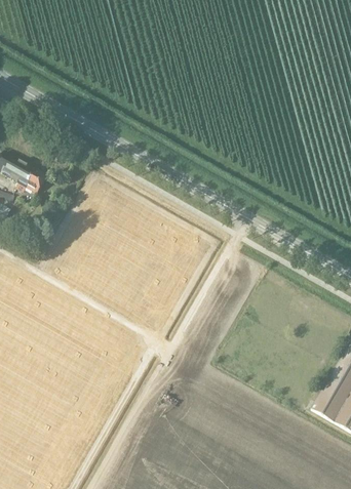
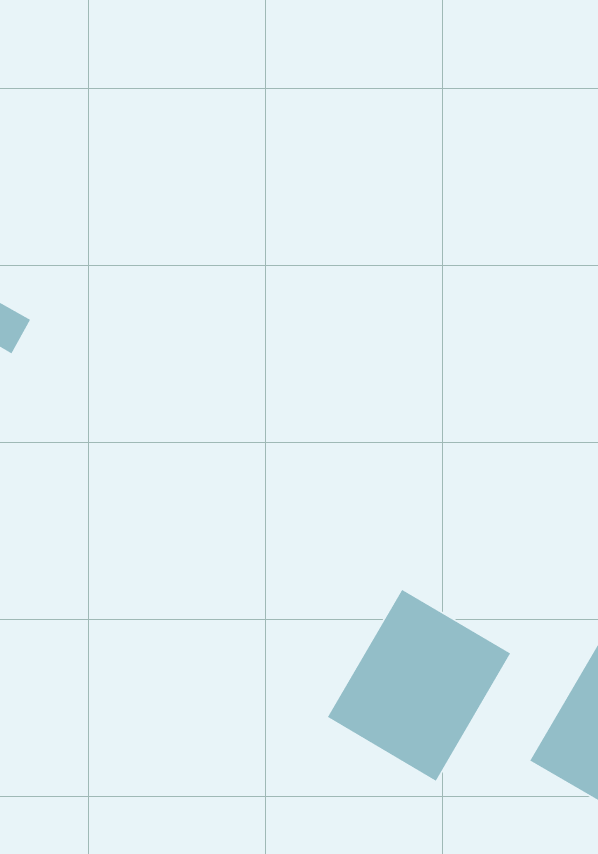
building: none -> [327,589,511,782]

